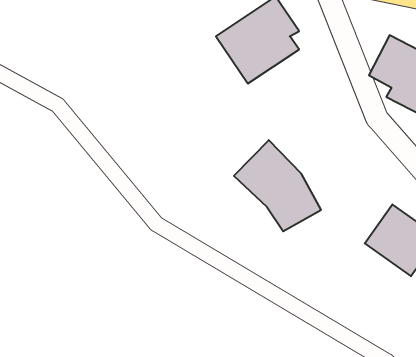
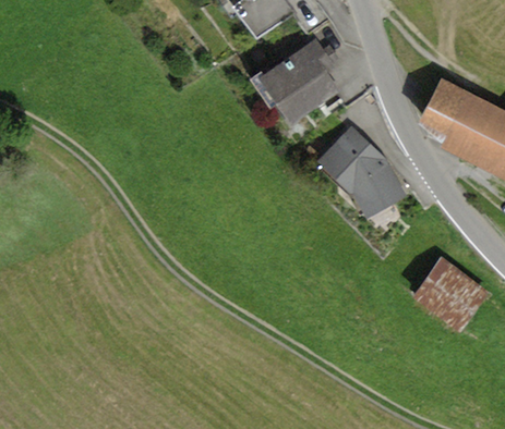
building: [234,140,321,231] -> [315,122,408,219]

